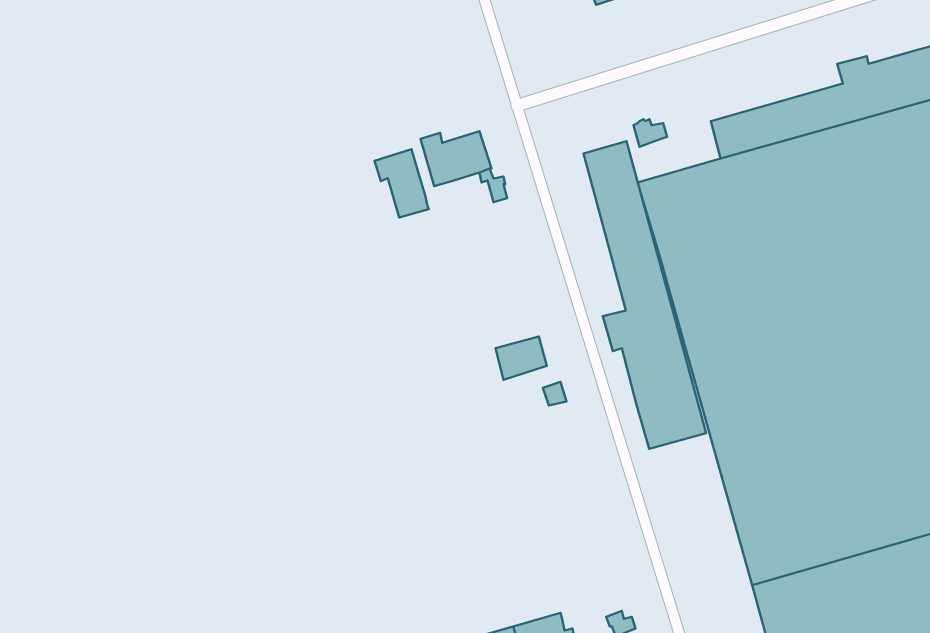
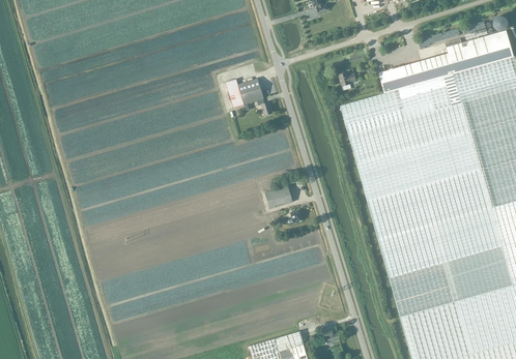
building: [584,141,706,449] -> none
building: [375,149,429,217] -> none

